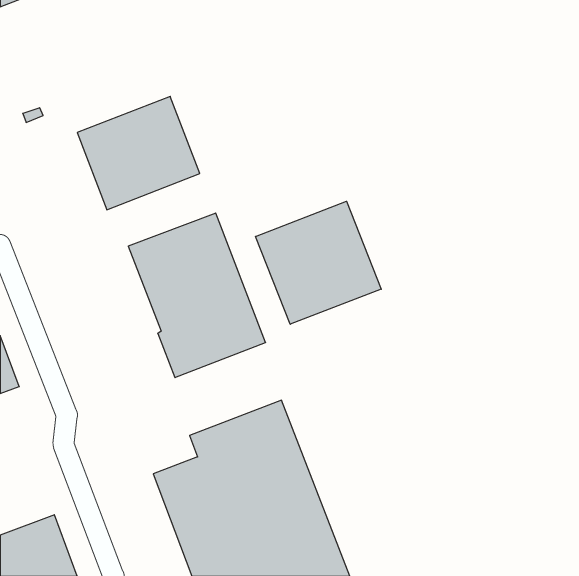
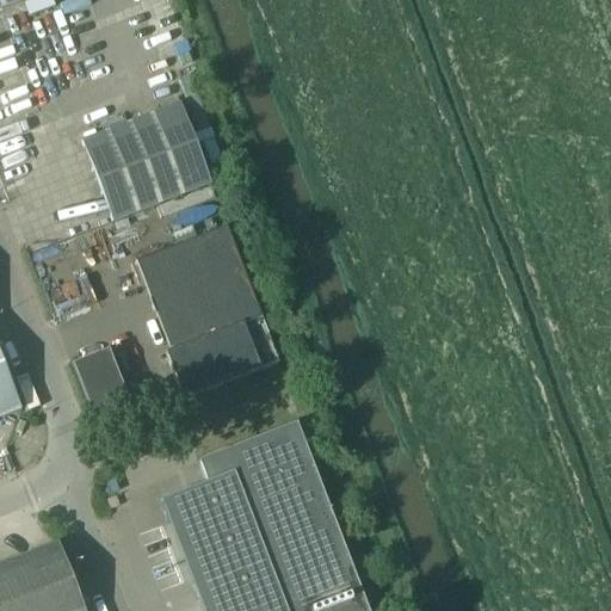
building: [256,201,381,324] -> none
building: none -> [74,348,134,428]

